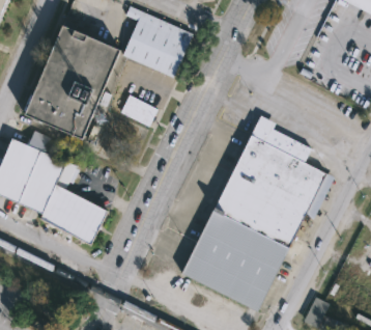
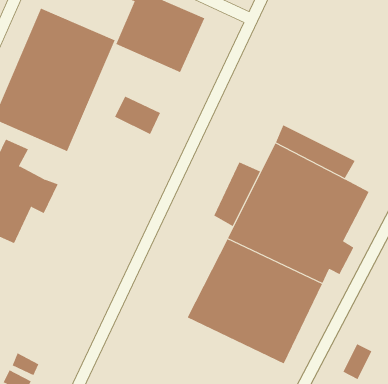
building: none -> [213,161,261,227]
building: [39,186,110,248] -> none

